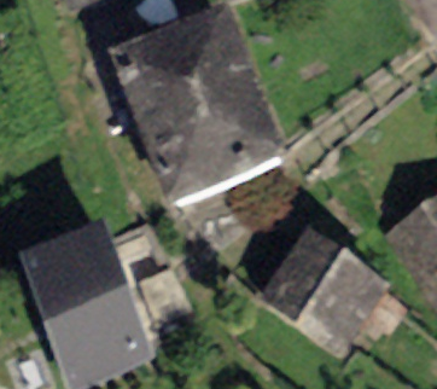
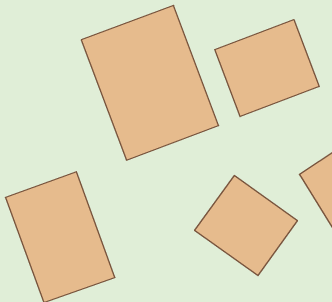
building: none -> [215,20,319,117]

